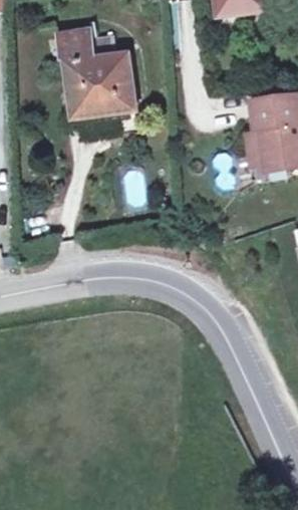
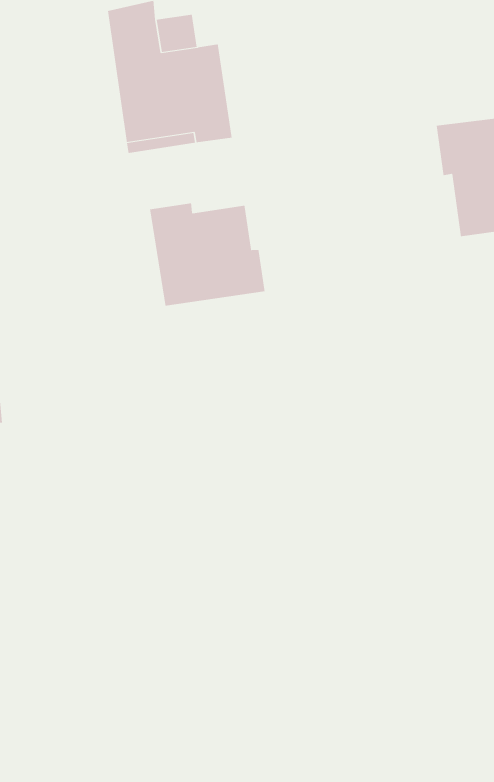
building: none -> [150,202,265,306]

